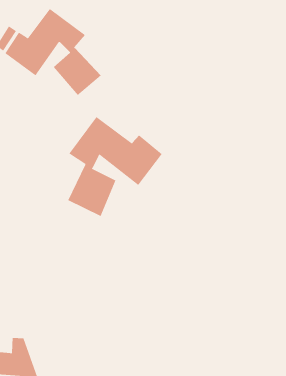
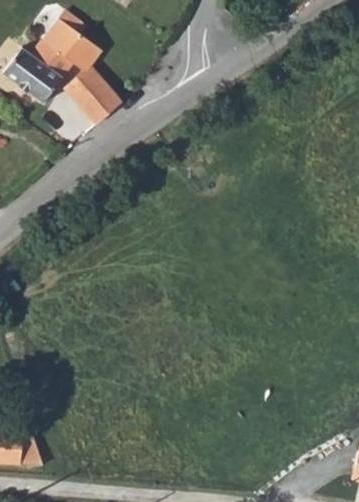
building: [67,116,163,217] -> none

